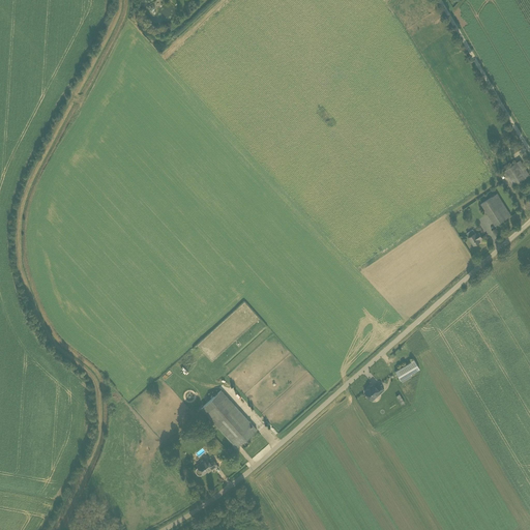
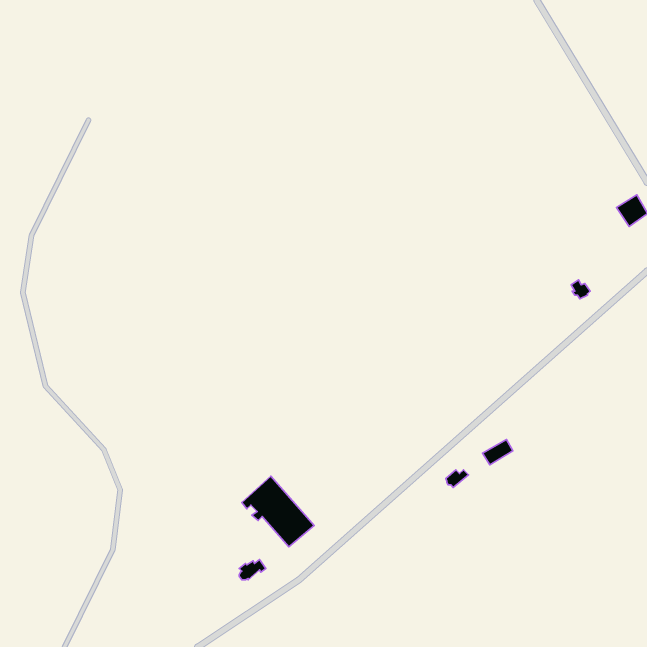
building: [481,193,511,226] -> none

